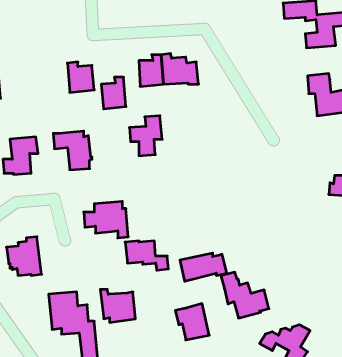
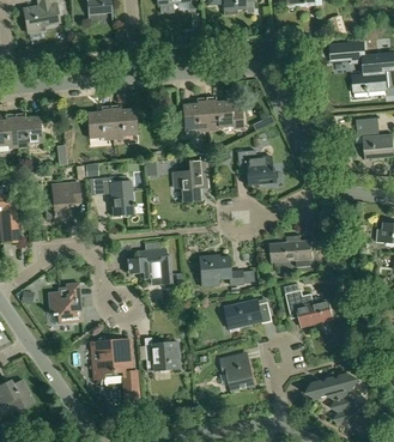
building: [101,77,126,109] -> [87,105,113,138]
building: none -> [238,149,275,183]
building: none -> [271,234,313,266]
building: [125,241,168,270] -> [199,254,243,284]
building: [221,272,269,318] -> [284,281,333,328]

